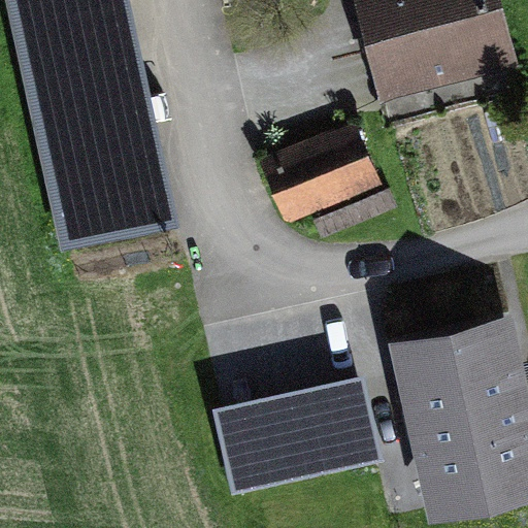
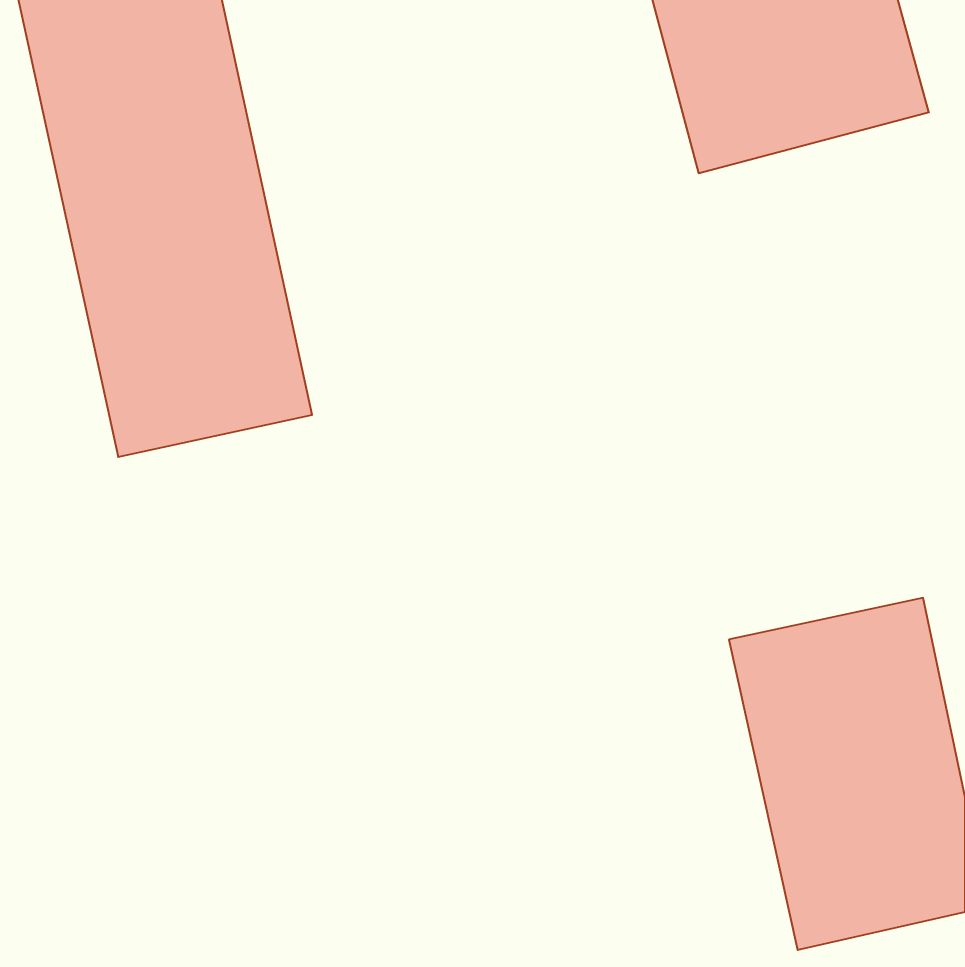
building: [264,130,389,219] -> none
building: [216,382,375,494] -> none

